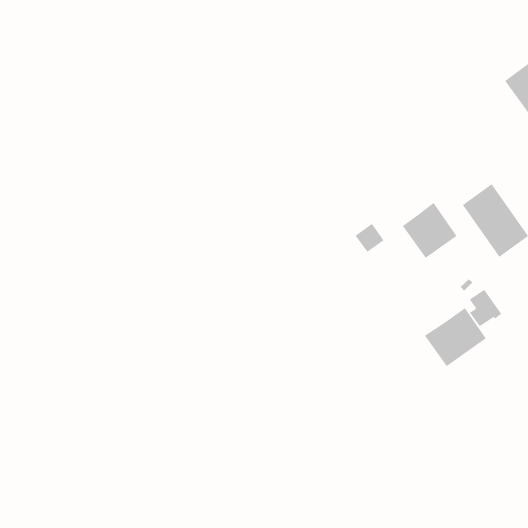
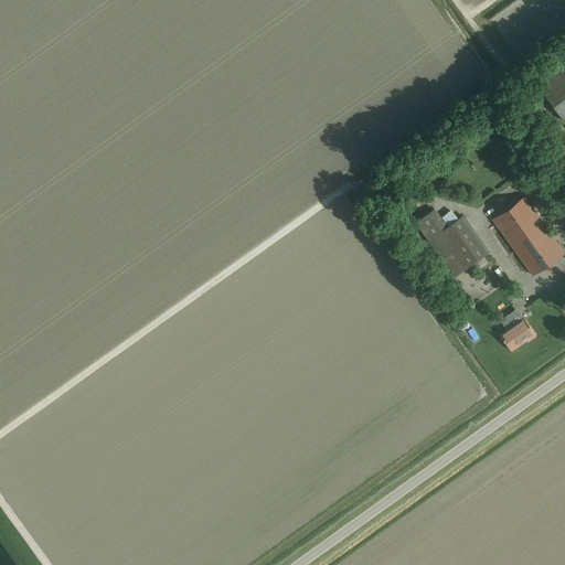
building: [355,223,385,253] -> [416,210,448,242]
building: [424,307,487,367] -> none

